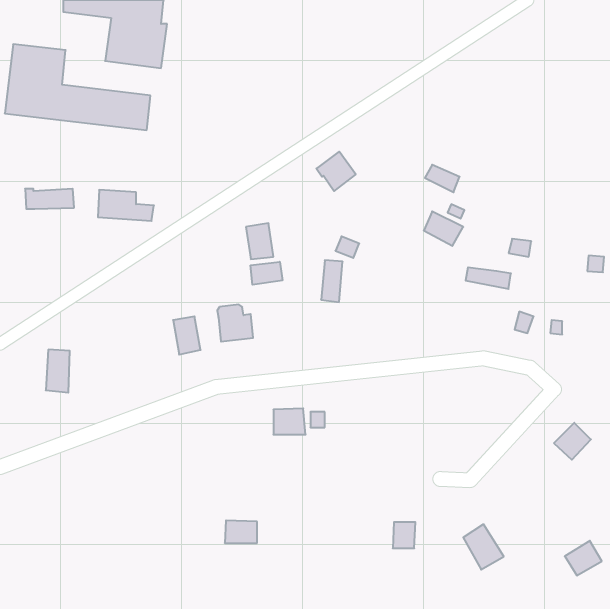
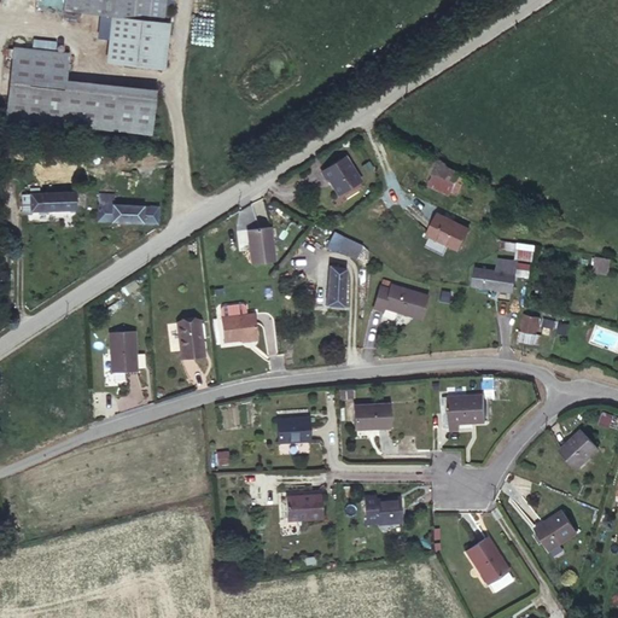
building: [251,262,282,285] -> none
building: none -> [371,280,426,320]
building: [46,350,70,393] -> [111,330,135,373]
building: none -> [449,393,484,428]
building: none -> [355,401,391,427]
building: [225,520,257,543] -> [286,495,319,518]
building: [393,522,415,548] -> [377,495,400,521]
building: [565,541,602,575] -> [538,511,576,546]

